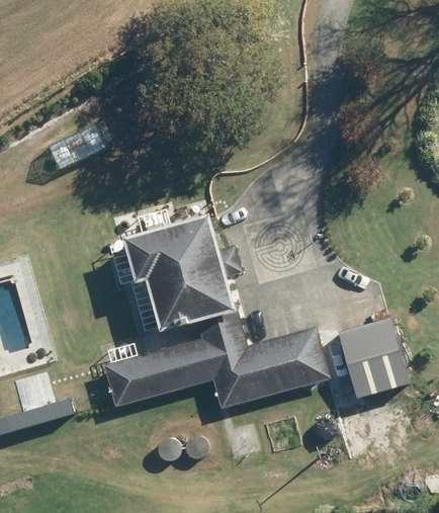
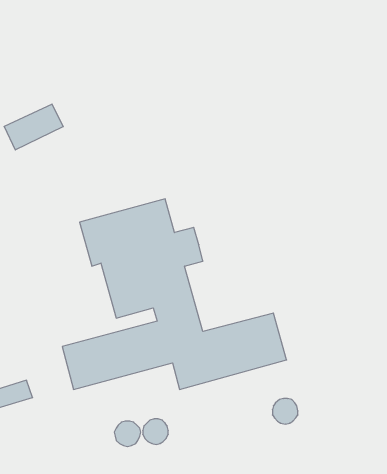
building: [337,320,410,401] -> none

